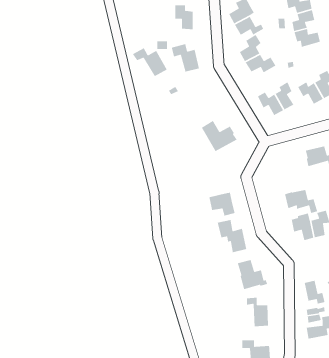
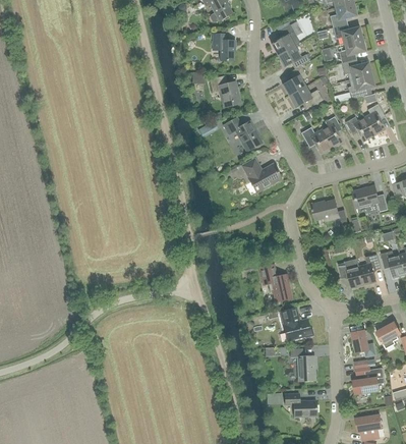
building: none -> [348,74,373,99]
building: [132,47,168,77] -> [223,118,262,151]
building: [284,189,318,214] -> [311,200,348,226]
building: [208,192,236,217] -> none

